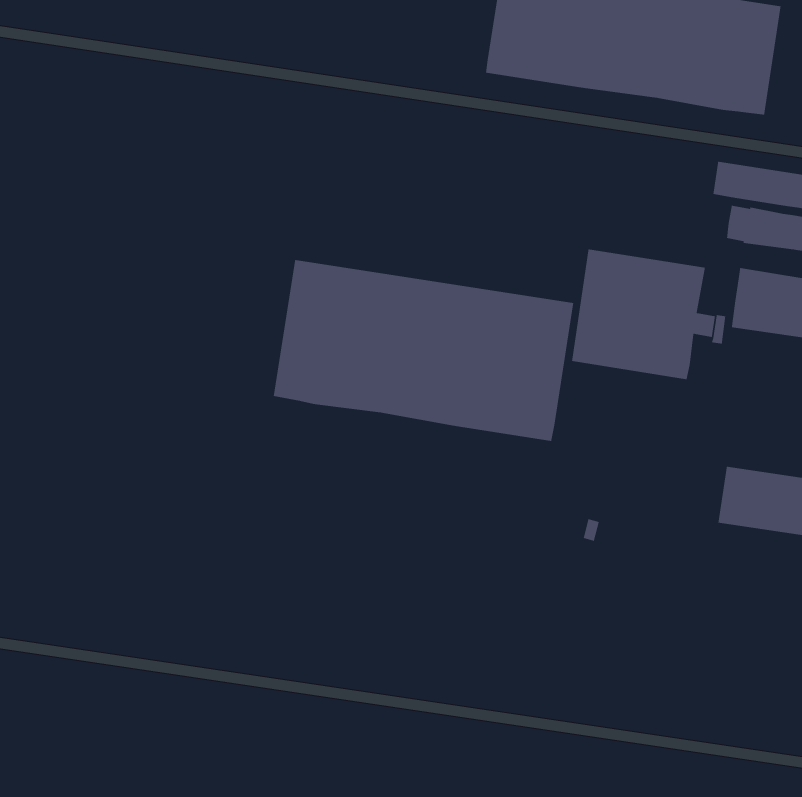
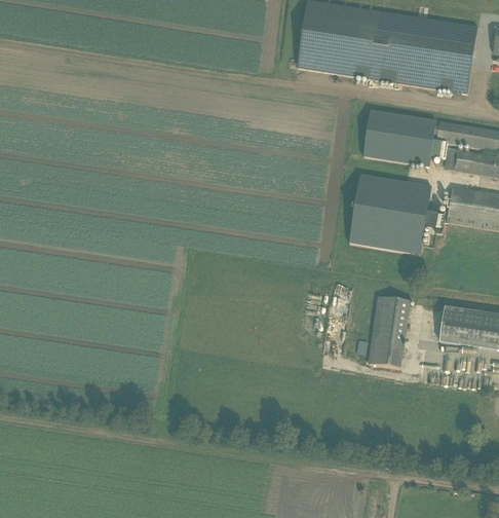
building: none -> [362,110,448,165]
building: [273,259,574,442] -> none
building: none -> [368,296,411,368]

